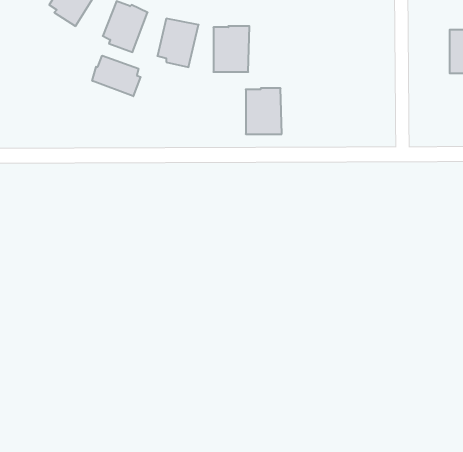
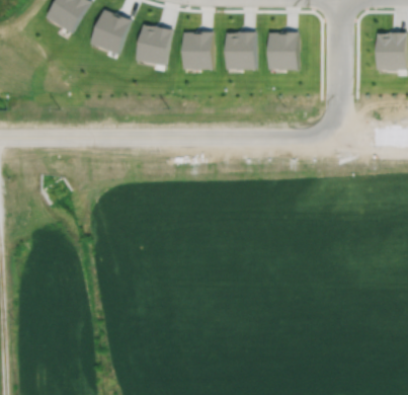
building: none -> [269,31,299,69]
building: [92,56,141,96] -> none
building: [246,88,282,134] -> [227,31,256,69]

